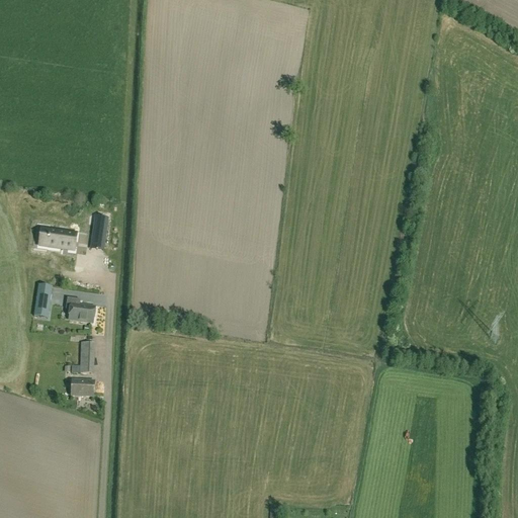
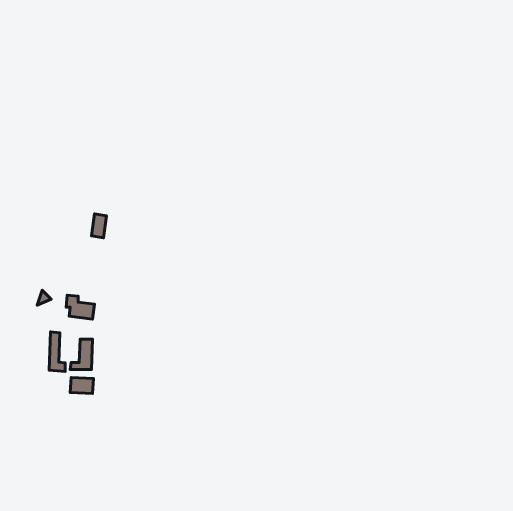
building: [48,230,77,250] -> none
building: none -> [49,332,65,372]

